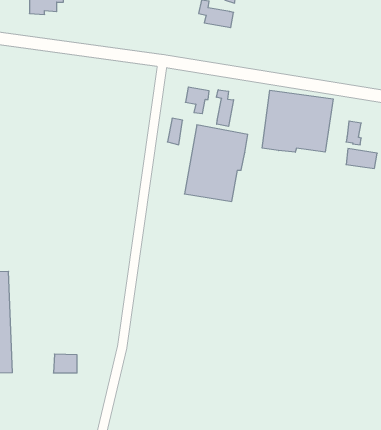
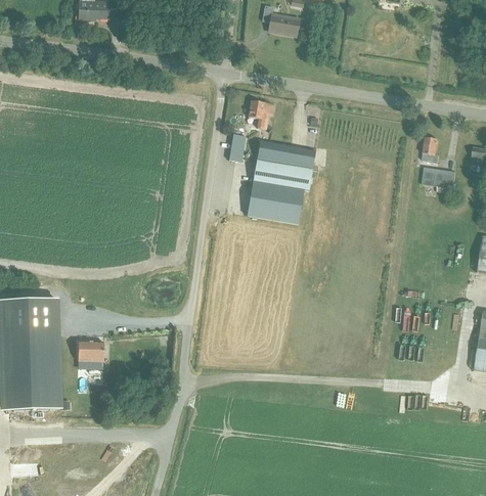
building: [216,90,234,126] -> none
building: [262,90,333,152] -> none
building: [53,354,77,373] -> [78,340,103,360]

